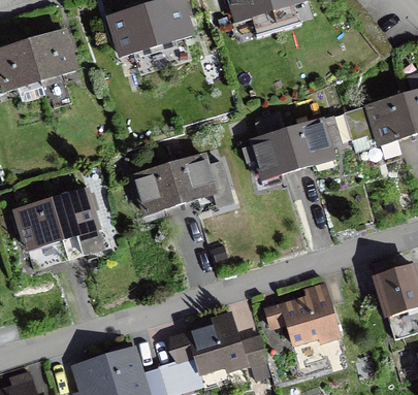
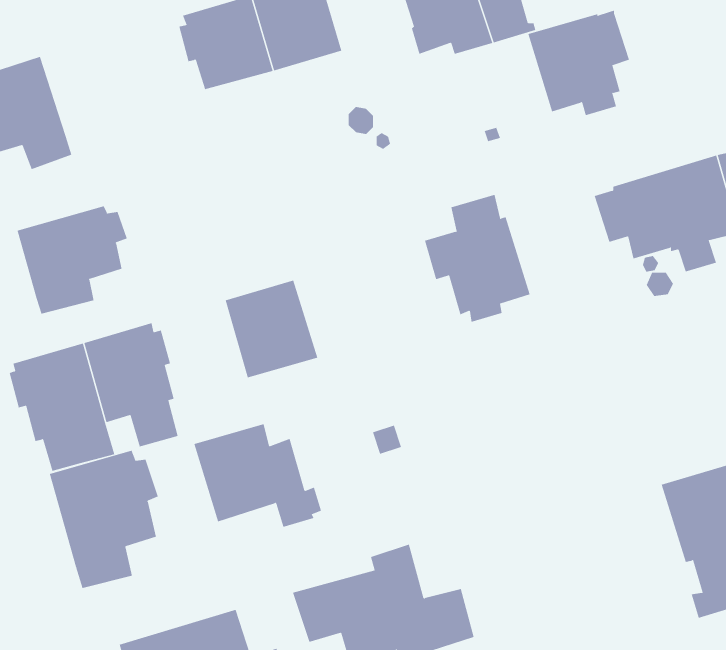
building: [28,26,81,83] -> none
building: [286,113,343,172] -> [527,10,630,116]
building: none -> [17,206,128,315]
building: [168,151,239,208] -> [193,423,322,528]
building: none -> [49,450,158,589]
building: [263,281,343,347] -> none

